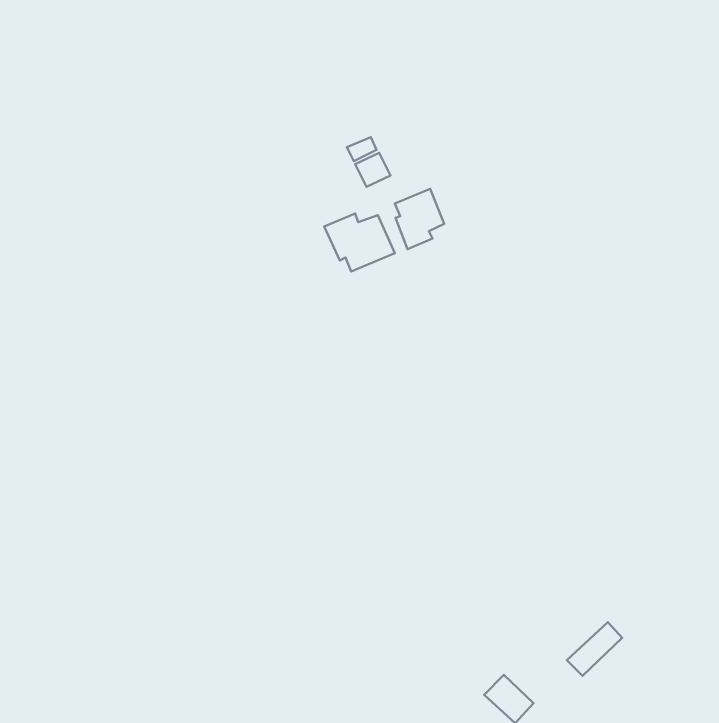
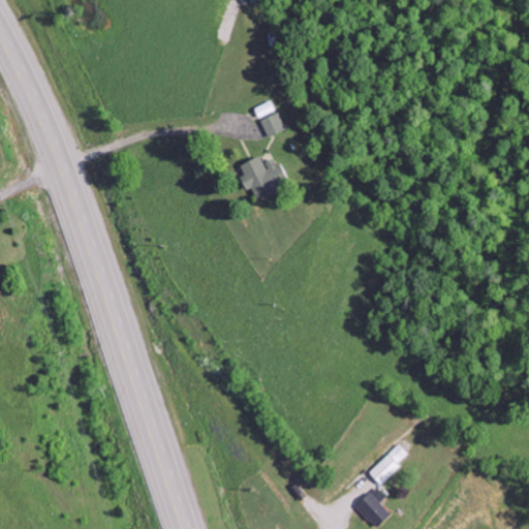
building: [395,189,444,249] -> none
building: [567,622,622,676] -> [368,444,408,484]

